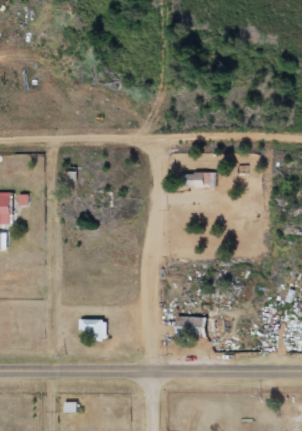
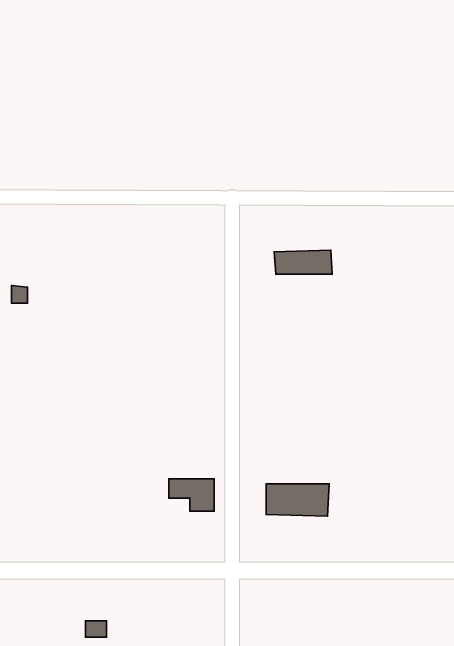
building: [79,320,107,340] -> [169,479,214,511]

